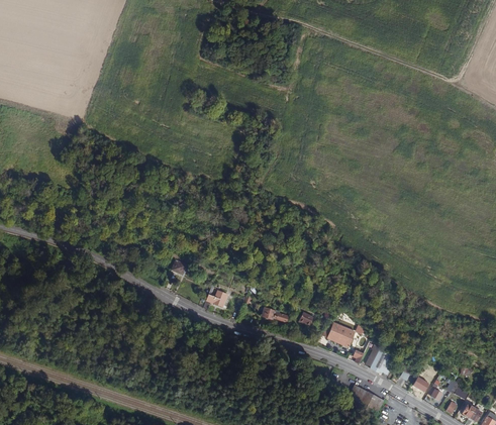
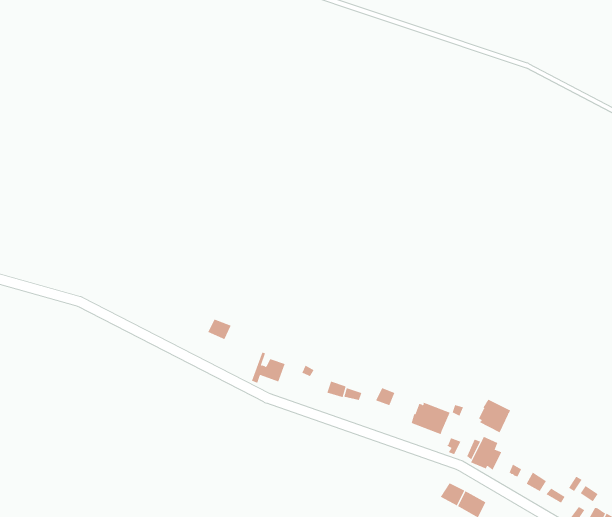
building: none -> [478,399,511,433]

